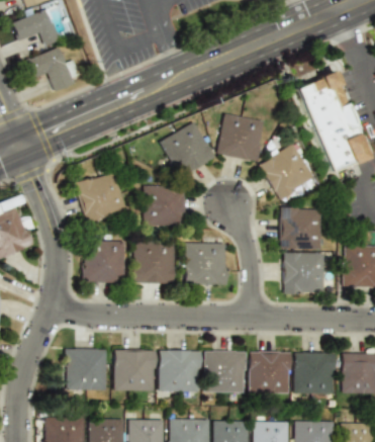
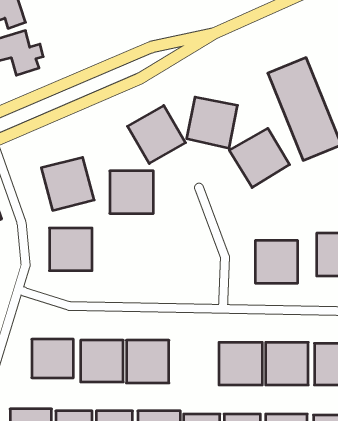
building: [280,207,322,250] -> none
building: [132,241,174,284] -> none
building: [184,243,226,285] -> none
building: [203,351,245,393] -> none

